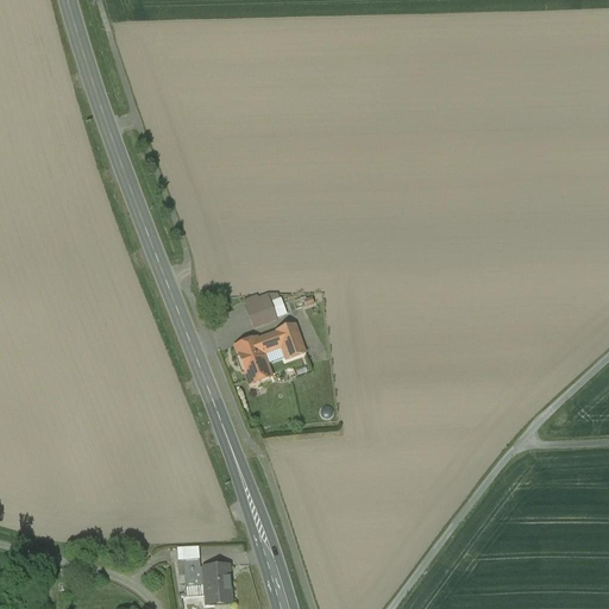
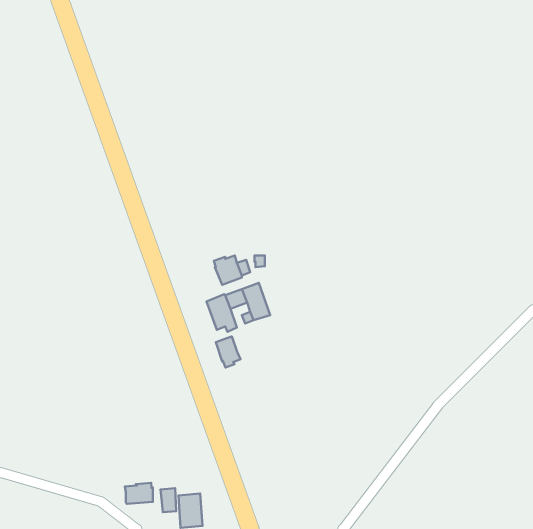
building: none -> [216,336,240,367]
building: none -> [125,483,153,504]

